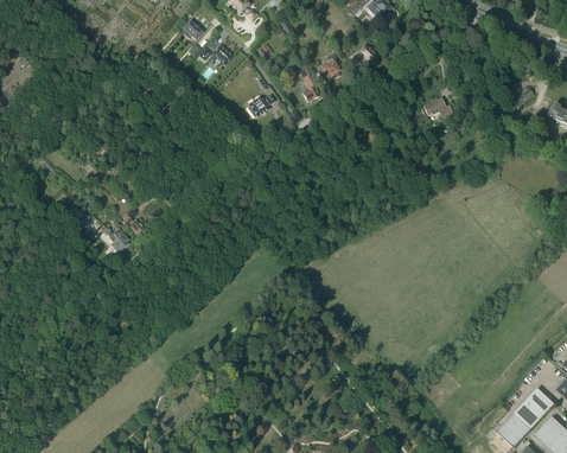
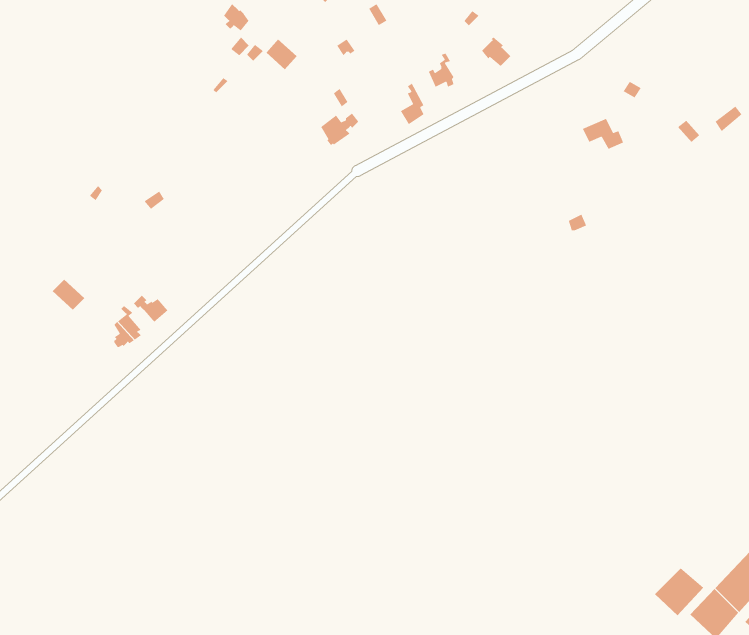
building: none -> [654,567,704,616]

